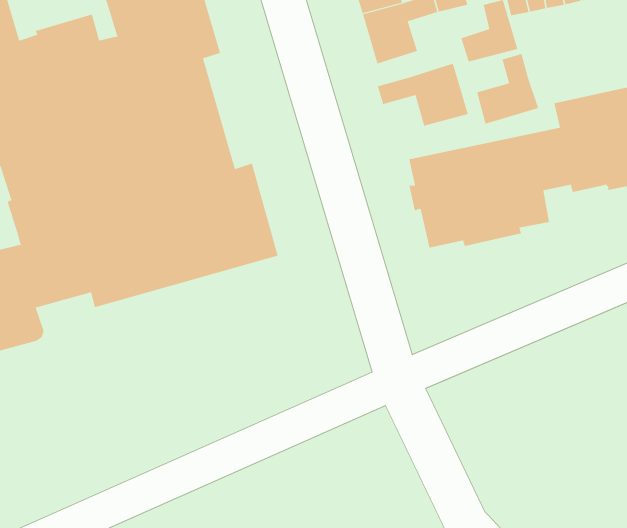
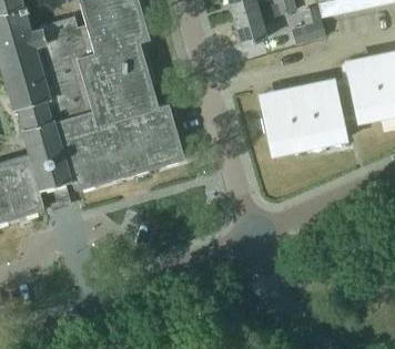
building: [476,53,539,124] -> none
building: [377,63,468,127] -> none

